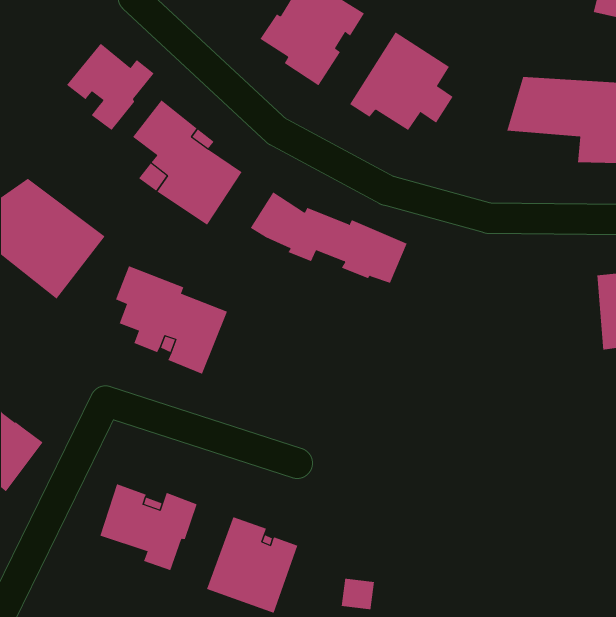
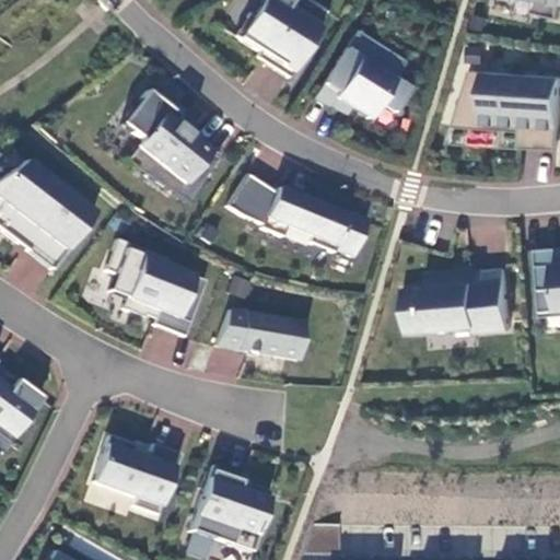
building: [66,43,154,131] -> none
building: none -> [407,267,515,331]
building: none -> [218,310,307,360]

